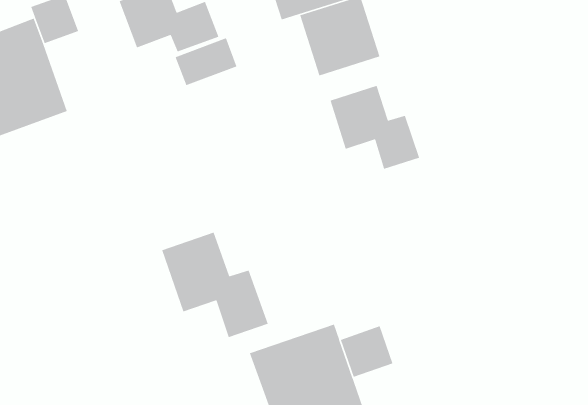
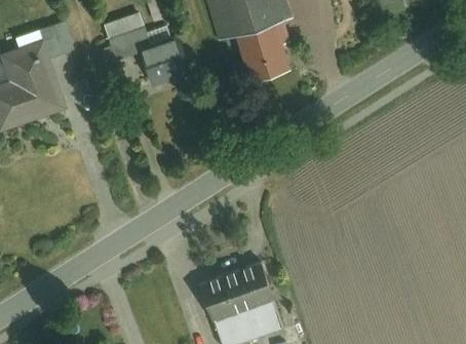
building: [329,85,420,170] -> none
building: [161,231,269,338] -> none
building: [340,325,394,378] -> none

